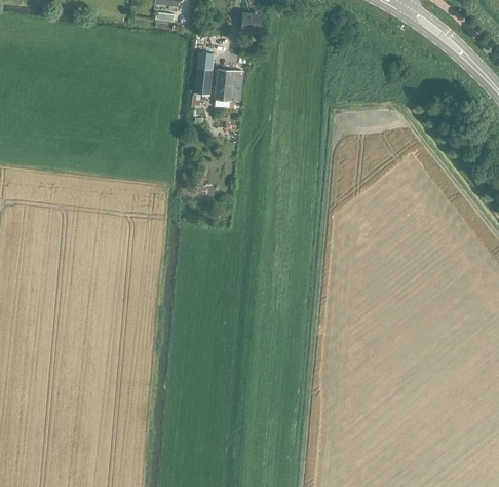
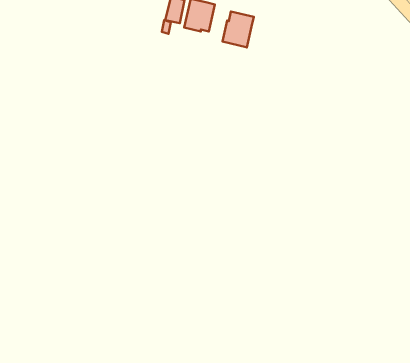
building: none -> [223,11,254,47]

